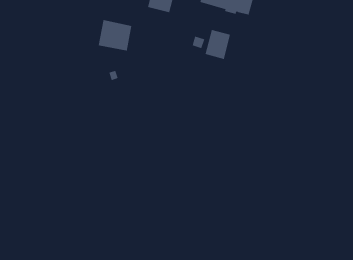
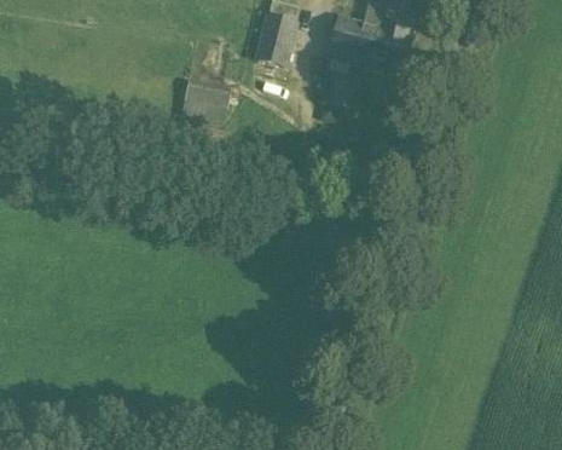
building: [205,29,230,60] -> none

